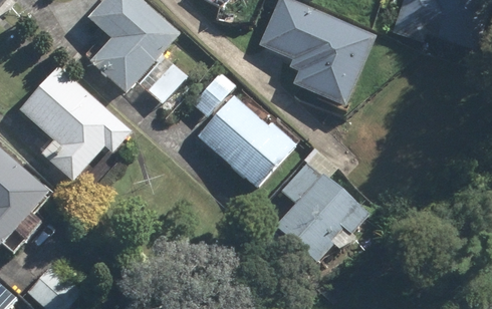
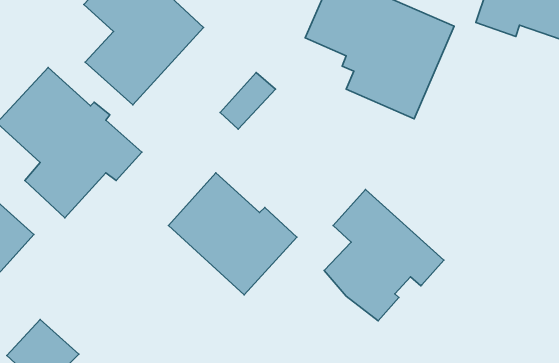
building: [196,93,296,189] -> [168,173,297,295]

